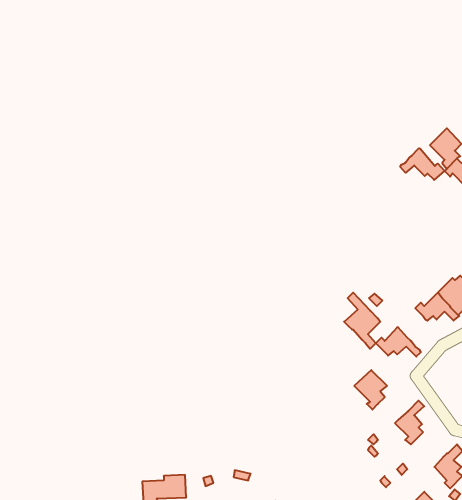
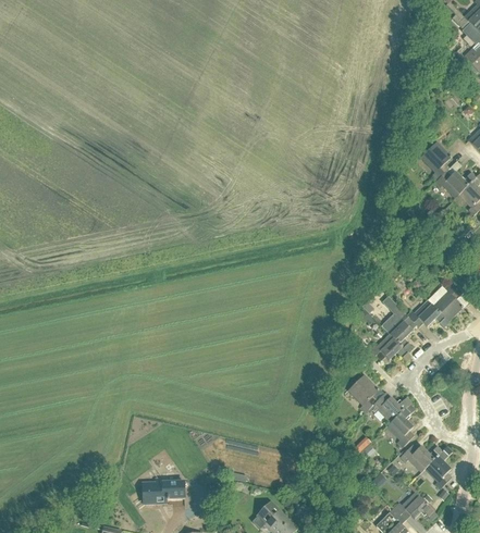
building: [400,148,445,180] -> none
building: [344,293,380,349] -> [381,297,416,351]
building: none -> [370,392,411,422]
building: none -> [401,444,442,471]

